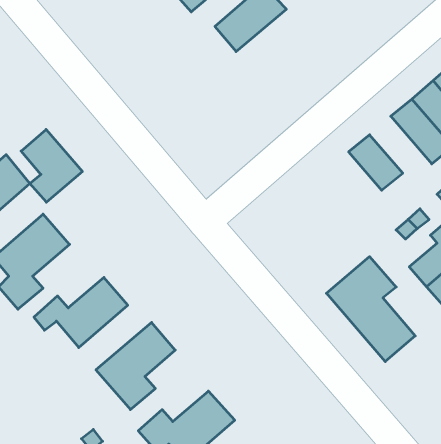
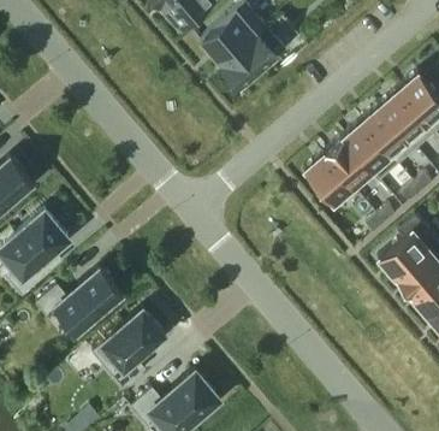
building: none -> [219,24,284,85]
building: none -> [340,122,397,182]
building: [21,129,82,202] -> none
building: none -> [303,154,351,205]
building: [326,257,415,362] -> none

